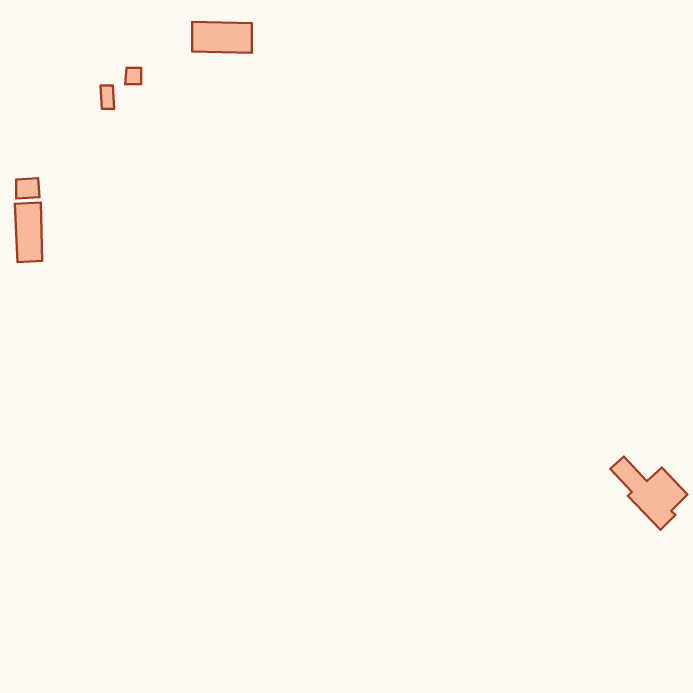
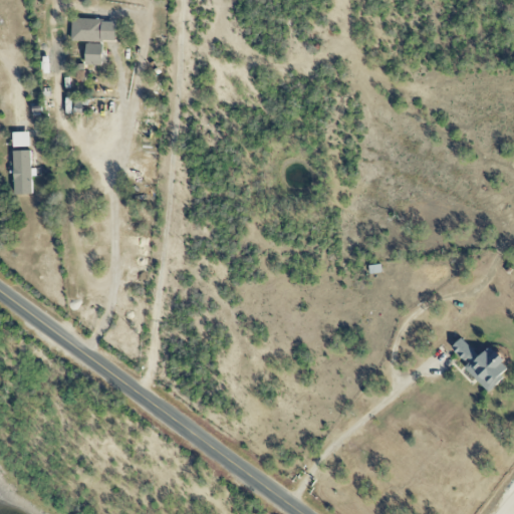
building: [192,22,252,53] -> [70,18,114,41]

